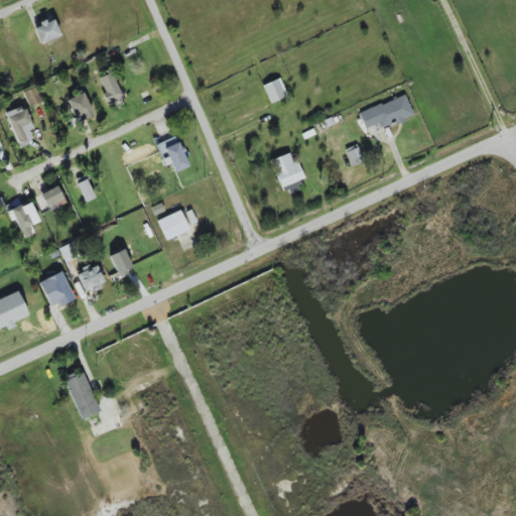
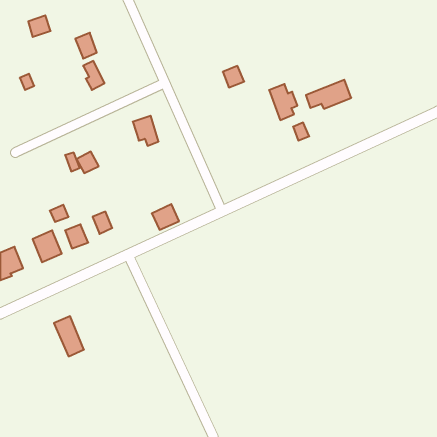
building: [68,92,93,122] -> [75,33,97,59]
building: [7,106,33,146] -> none
building: [271,152,304,195] -> [269,84,297,120]
building: [40,184,67,210] -> [76,152,99,173]
building: [7,202,39,238] -> none
building: [157,210,189,240] -> [152,204,179,230]

